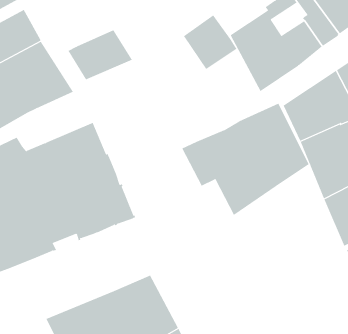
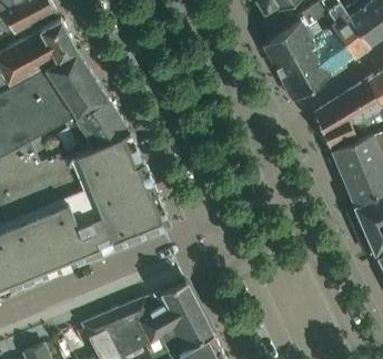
building: [183,15,237,70] -> none
building: [67,29,133,80] -> [63,101,128,151]
building: [181,103,309,216] -> none

